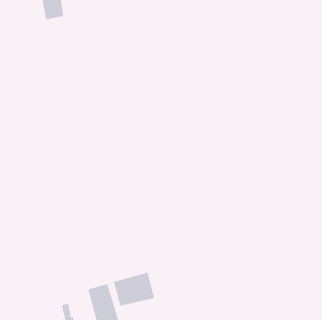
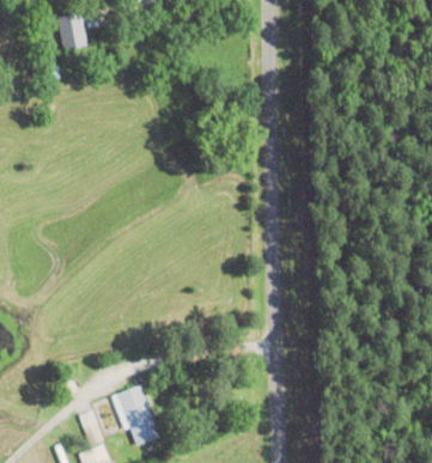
building: [113,272,155,307] -> none

